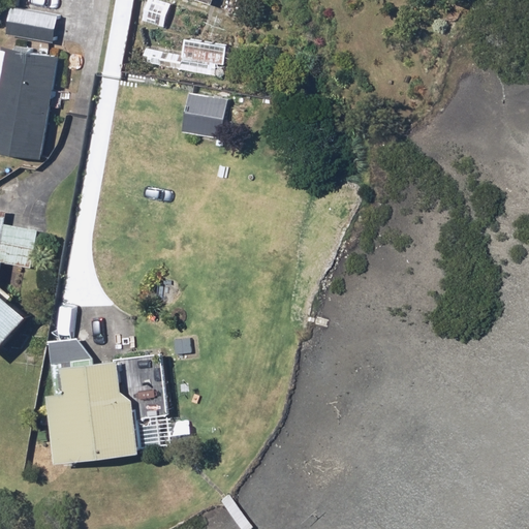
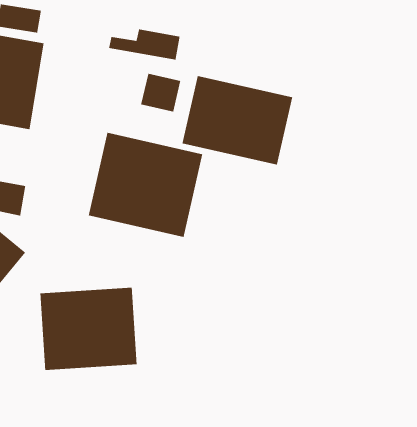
building: none -> [182,75,293,166]
building: none -> [88,132,203,238]

